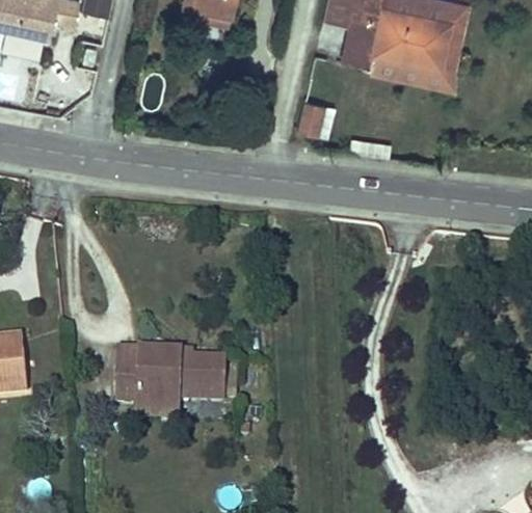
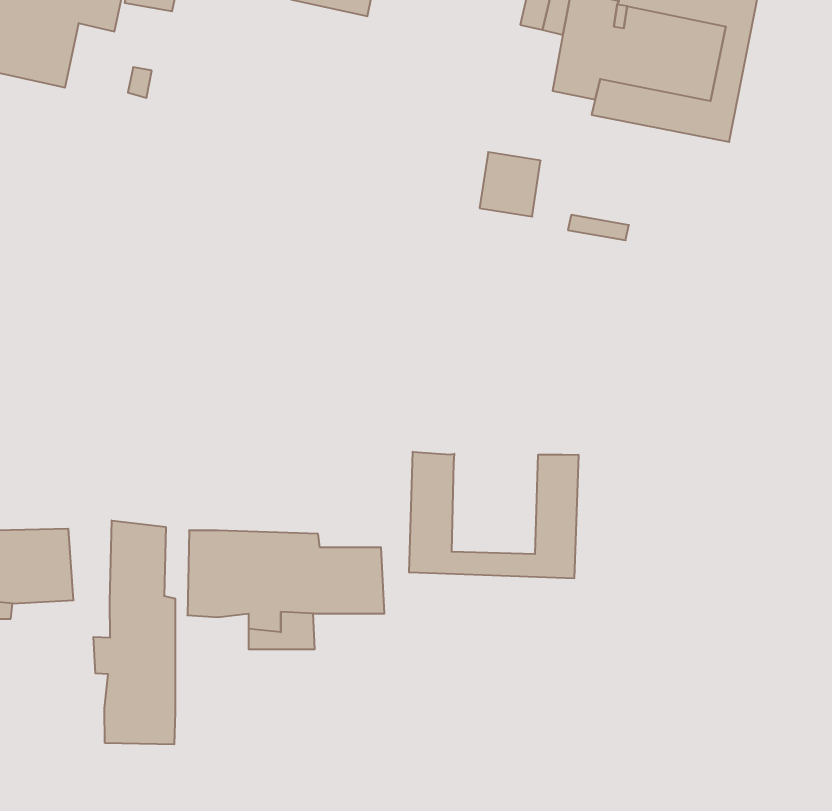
building: none -> [409,452,578,578]
building: none -> [94,520,175,744]

